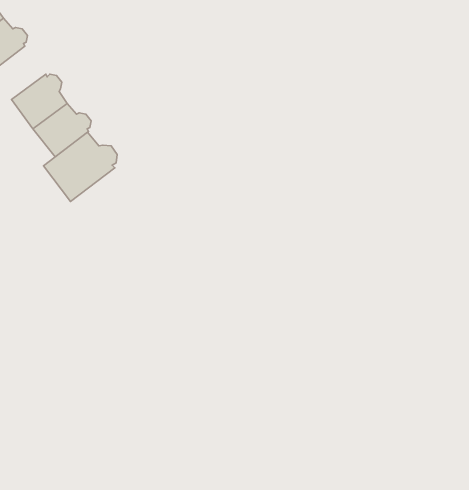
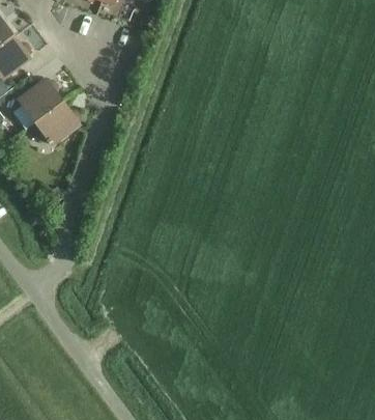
building: [43,132,117,201] -> none

